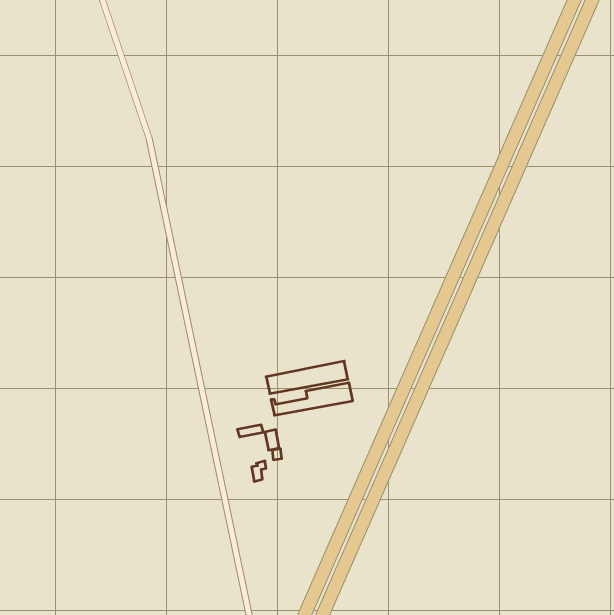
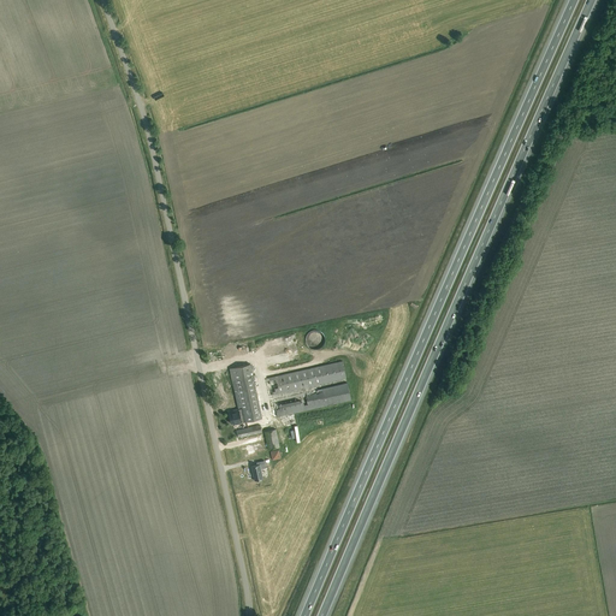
building: none -> [229,365,262,426]

